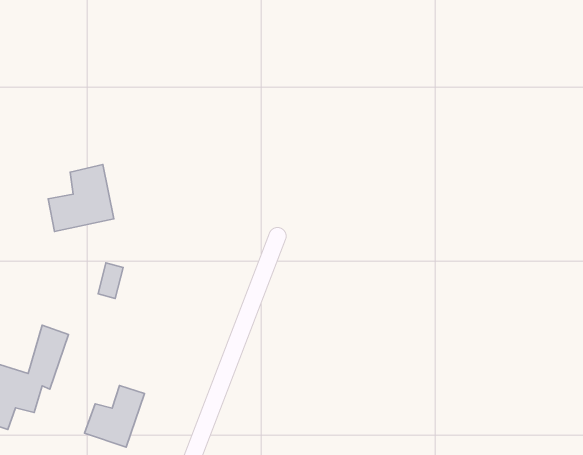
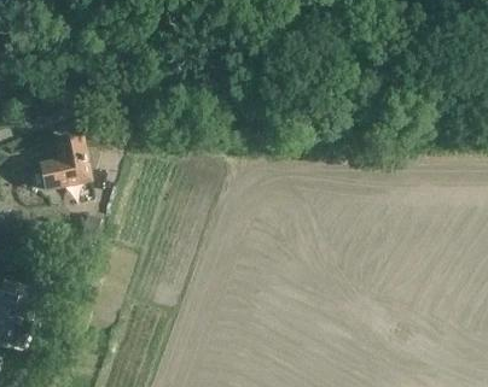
building: [84,385,144,447] -> none

